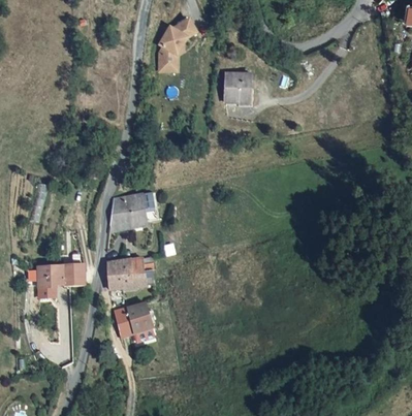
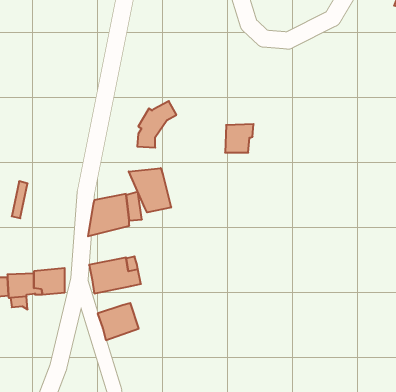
building: [152,22,190,67] -> [137,101,176,148]
building: [224,75,252,103] -> [225,124,254,153]
building: none -> [129,168,171,212]

